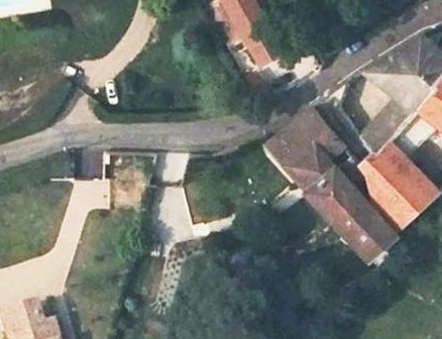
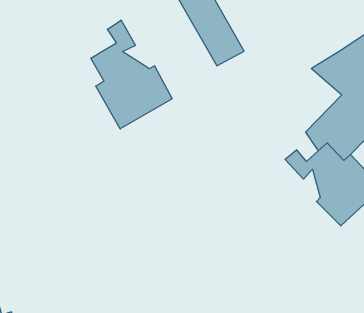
building: none -> [91,20,172,129]
building: [265,110,395,261] -> none

